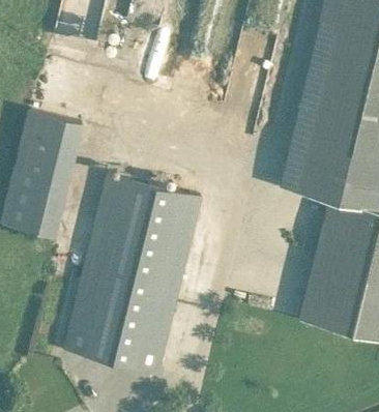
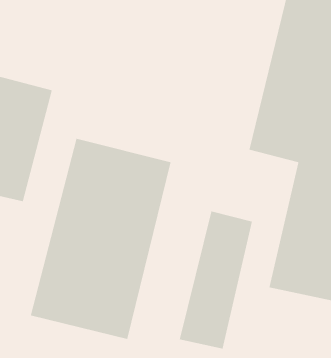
building: none -> [179,210,253,349]

